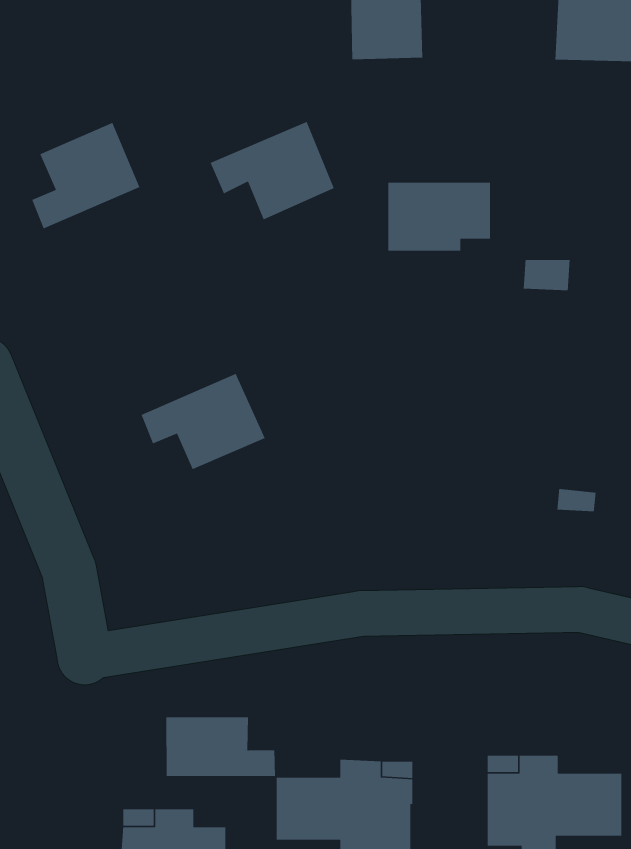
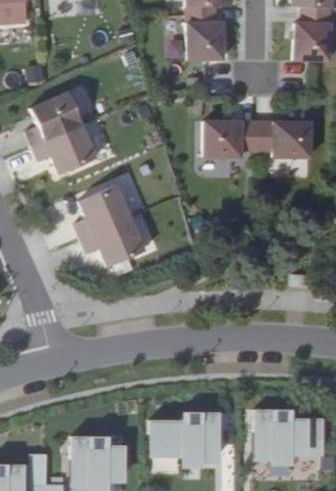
building: [210,121,335,220] -> [33,124,96,174]
building: none -> [258,121,311,156]
building: none -> [75,184,130,238]
building: [166,716,276,777] -> none

